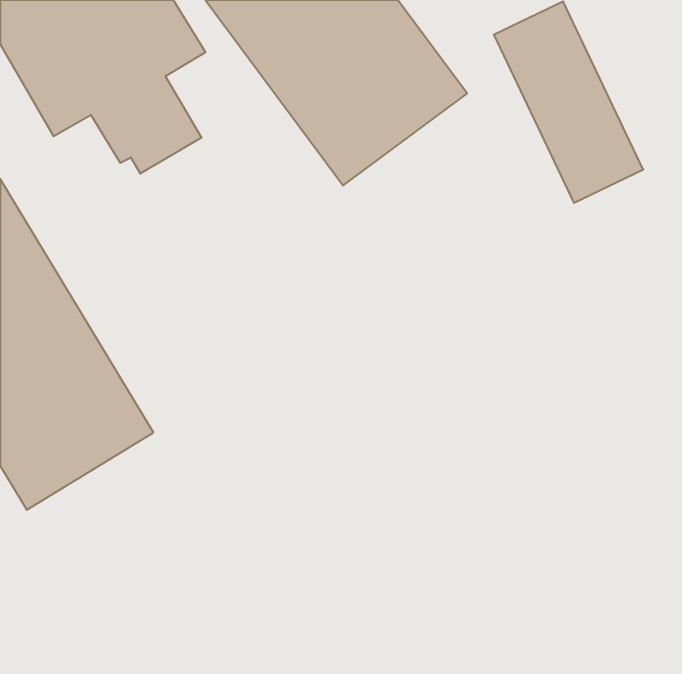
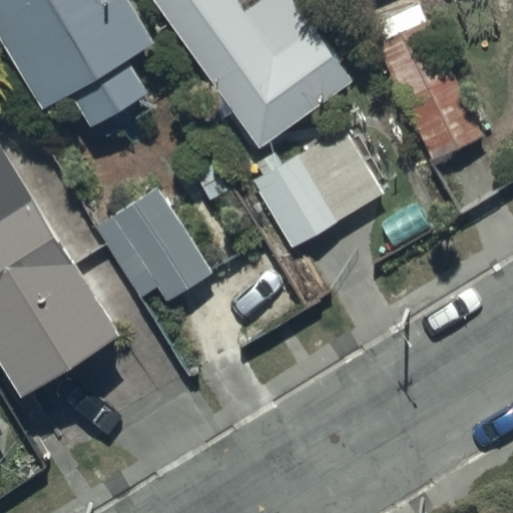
building: none -> [252,130,383,247]
building: none -> [98,187,212,298]

